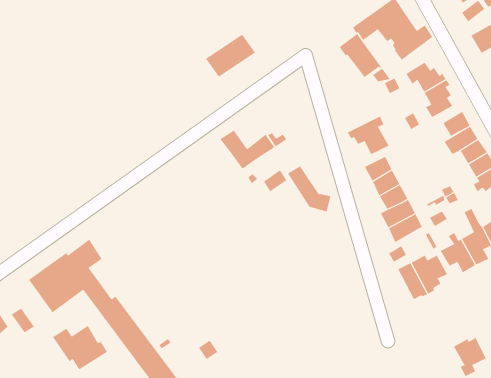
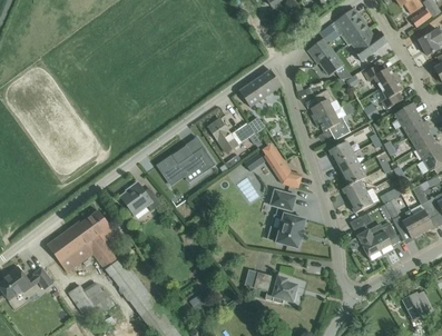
building: [205,34,256,78] -> [238,69,281,106]
building: none -> [310,88,341,120]
building: none -> [155,145,215,182]
building: none -> [119,182,160,214]
building: none -> [269,189,305,247]
building: none -> [253,271,296,303]

